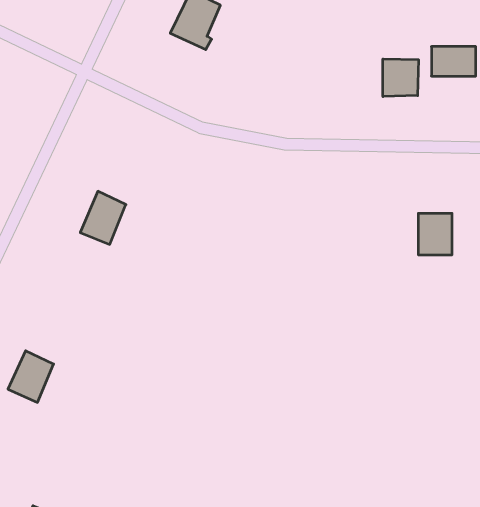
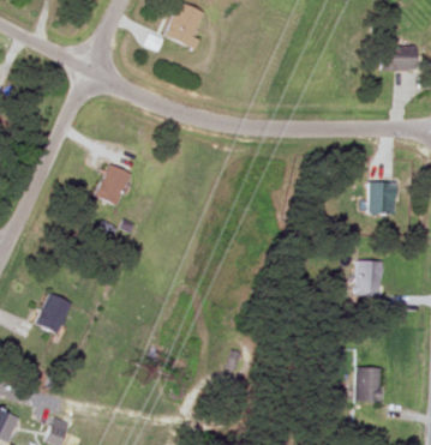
building: [383,59,418,97] -> none
building: none -> [358,261,379,293]
building: none -> [355,366,379,401]

